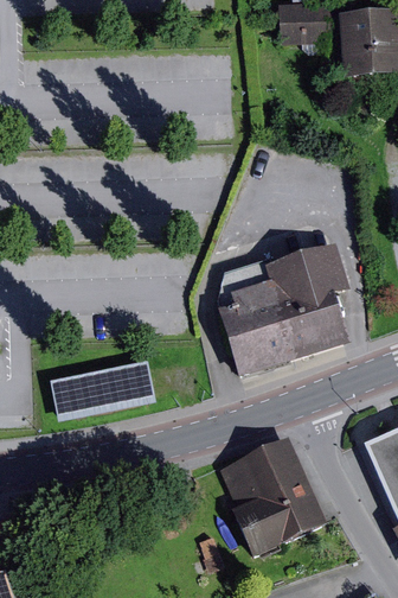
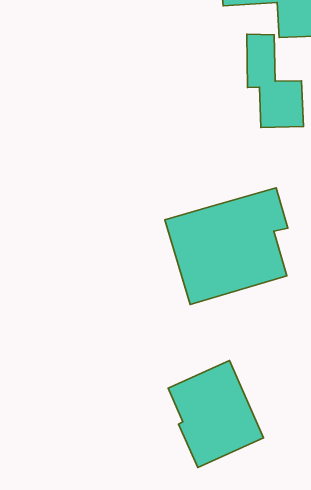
building: none -> [247,34,303,127]
building: [47,356,162,421] -> none

